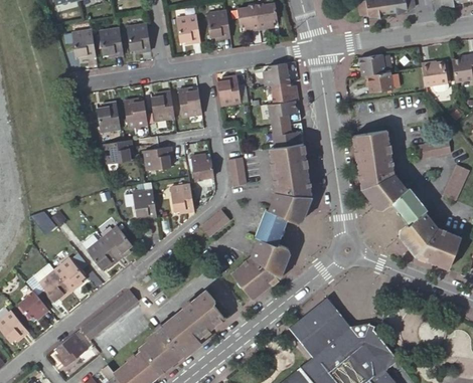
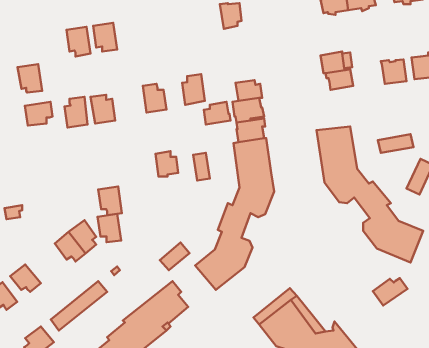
building: [238,6,260,33] -> none
building: [206,11,230,41] -> none
building: [176,16,200,46] -> none
building: [71,31,97,60] -> [17,64,42,93]
building: [264,64,291,87] -> [204,102,231,125]
building: [150,90,175,121] -> none
building: [105,141,133,165] -> [25,102,52,125]
building: [144,148,173,173] -> none
building: [169,186,193,215] -> [98,214,121,242]
building: [199,209,229,237] -> [160,242,189,270]
building: [57,259,84,291] -> none
building: none -> [373,278,407,306]

